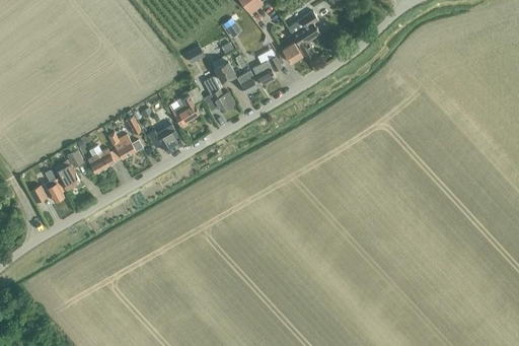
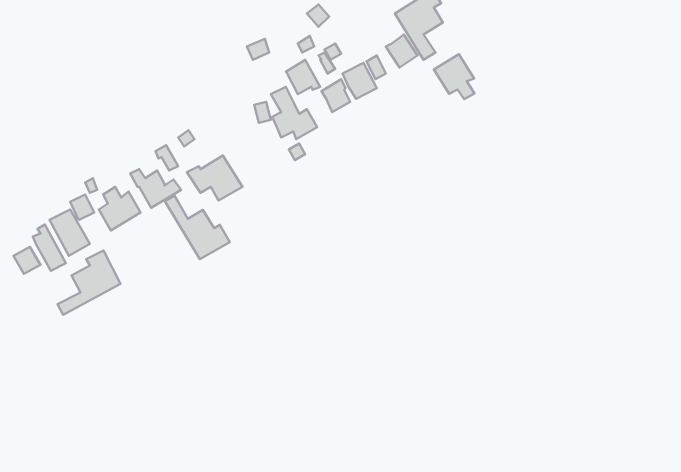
building: none -> [434,54,474,99]
building: [171,95,197,128] -> none
building: none -> [165,196,230,259]
building: none -> [58,250,120,315]

